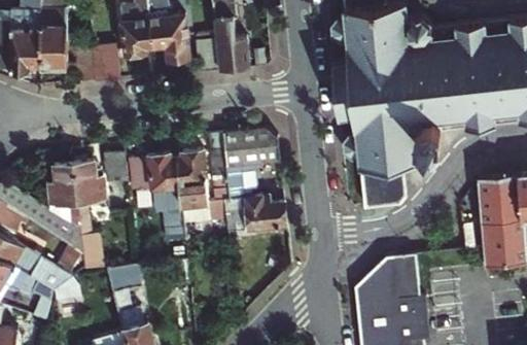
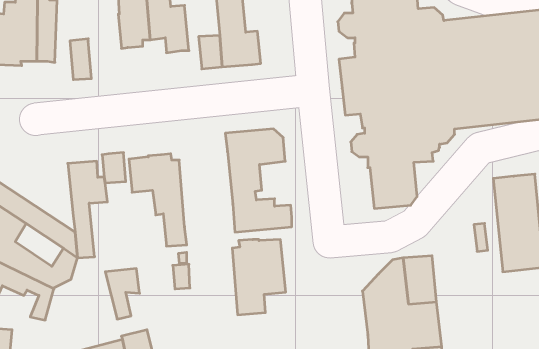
building: [91,45,118,83] -> none
building: [178,153,230,226] -> [232,240,286,315]
building: [45,165,76,216] -> none

